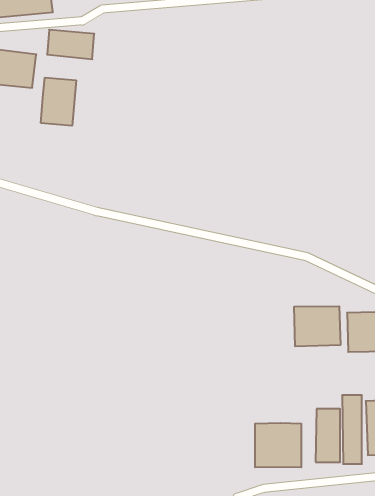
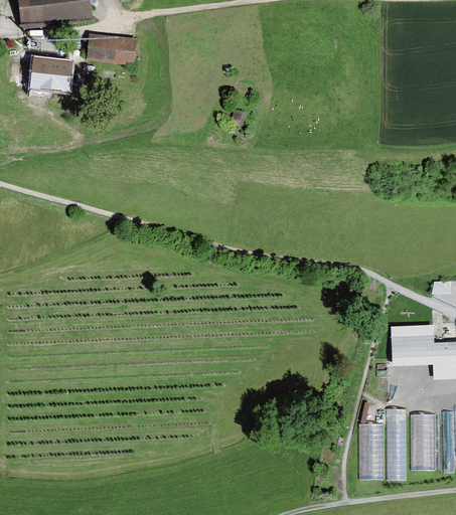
building: [41,78,76,126] -> none
building: [294,306,340,346] -> none
building: [255,423,301,467] -> none

